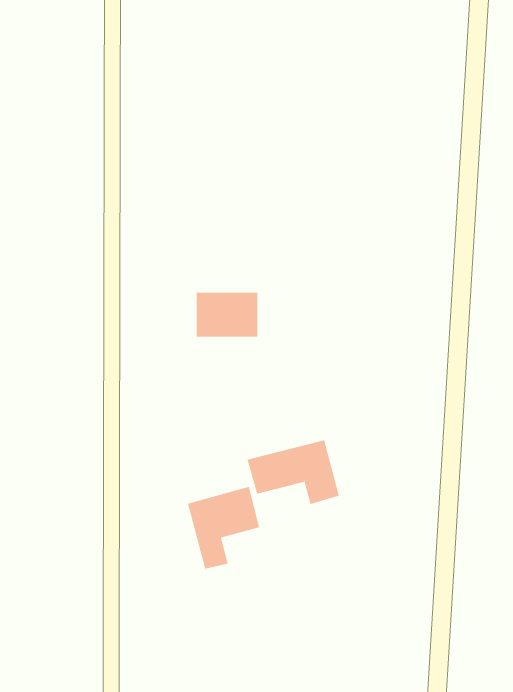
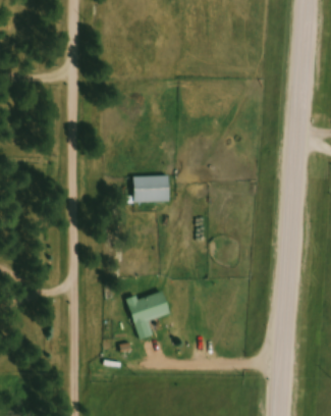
building: [247,440,340,505] -> none

